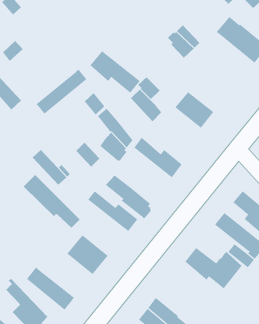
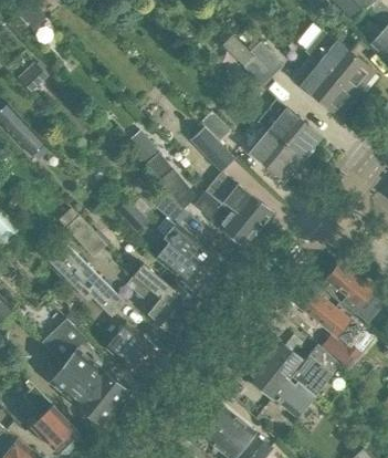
building: none -> [291,55,356,115]
building: [89,50,141,93] -> [205,171,273,229]
building: none -> [258,100,321,158]
building: [36,69,87,115] -> none
building: none -> [162,223,231,281]
building: none -> [126,275,187,335]
building: none -> [40,318,128,407]
building: none -> [247,358,314,417]

